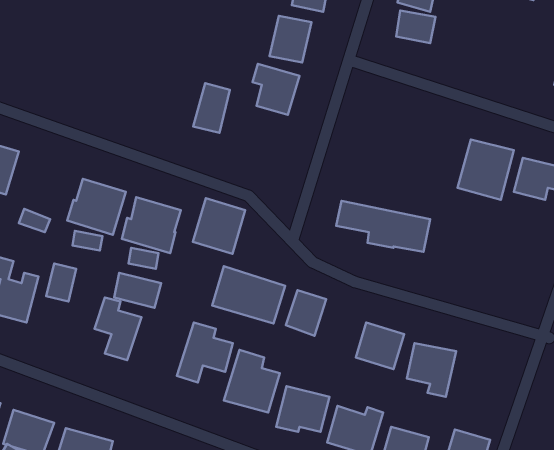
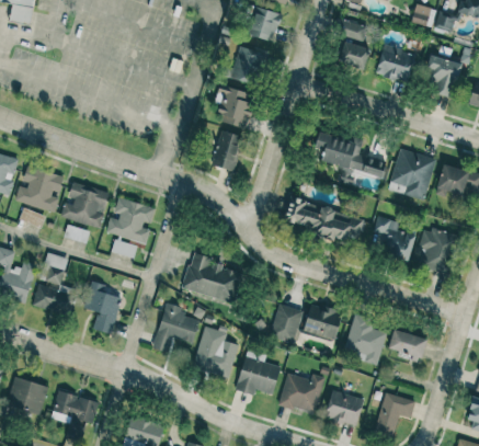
building: none -> [376,45,417,83]
building: none -> [427,55,459,96]
building: [193,83,230,133] -> [212,129,242,171]
building: none -> [315,130,387,178]
building: none -> [15,167,64,213]
building: [193,198,245,254] -> none
building: none -> [372,216,417,262]
building: none -> [414,227,457,274]
building: [114,273,161,308] -> [32,285,71,315]
building: [286,290,326,336] -> [270,304,304,342]
building: none -> [388,331,426,358]

